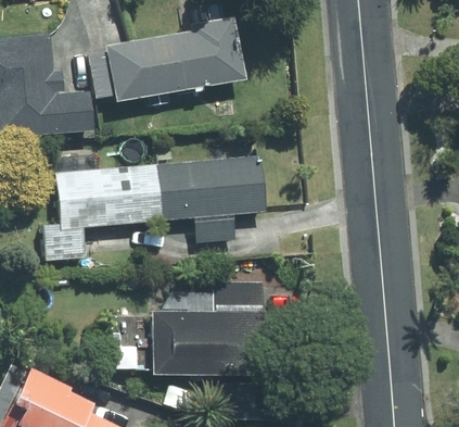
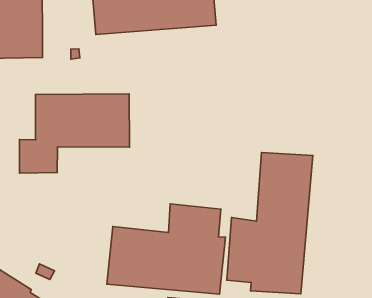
building: [157,154,266,222] -> none
building: none -> [227,152,313,294]

